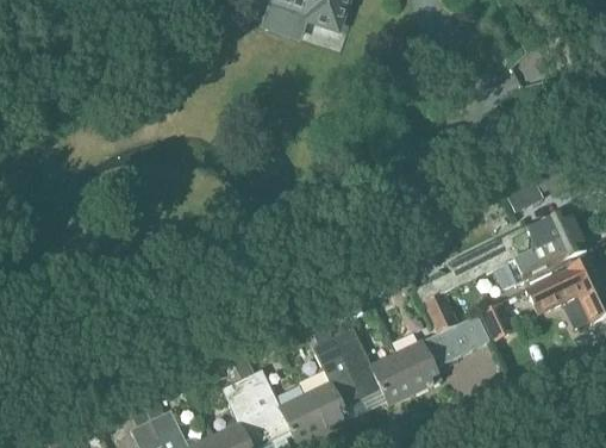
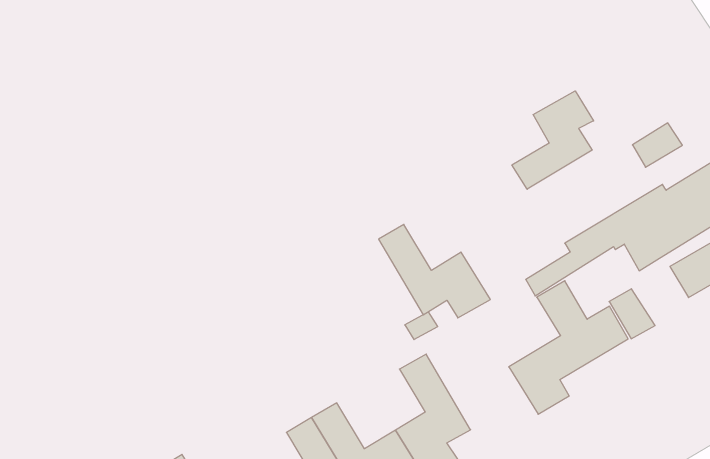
building: none -> [512,91,594,189]
building: [333,330,414,405] -> [379,224,490,318]

